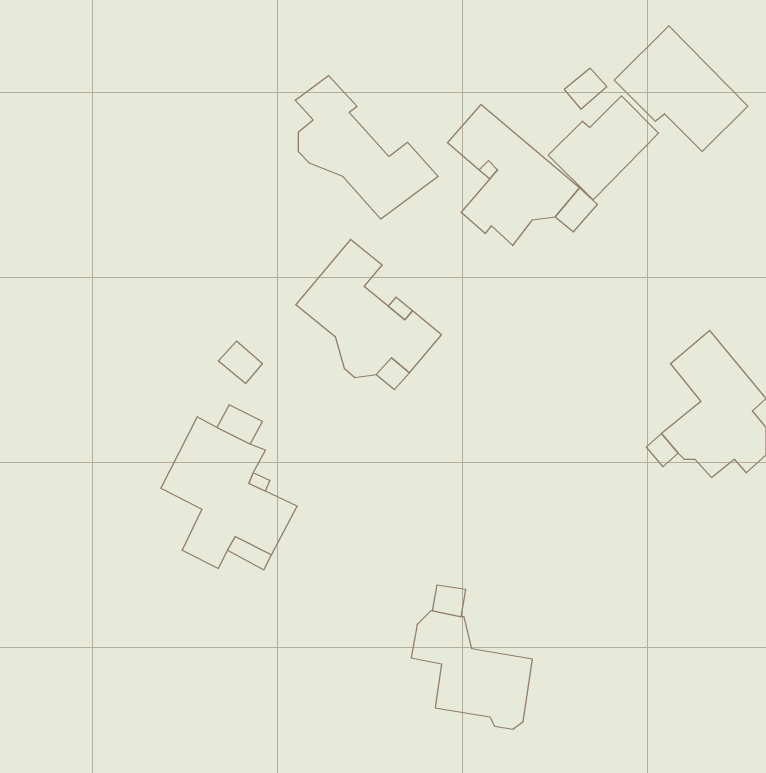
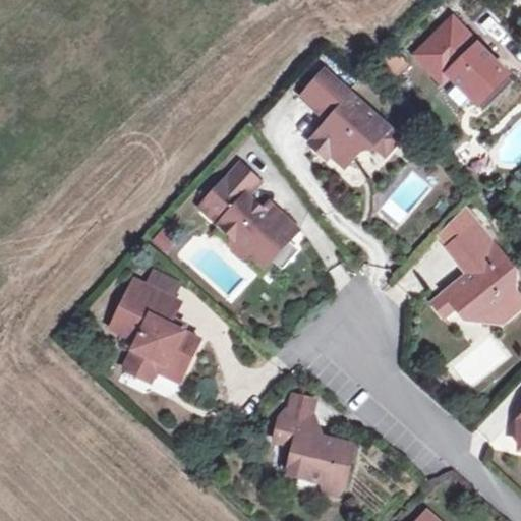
building: [295,75,438,219] -> none
building: [548,96,659,200] -> none

